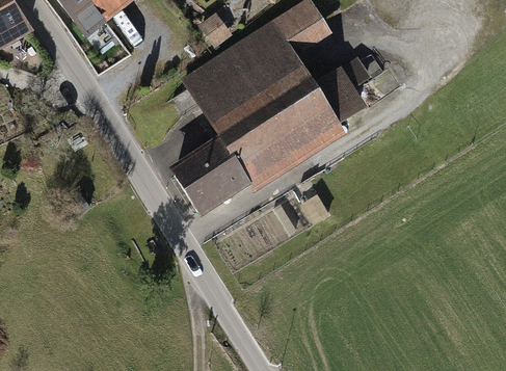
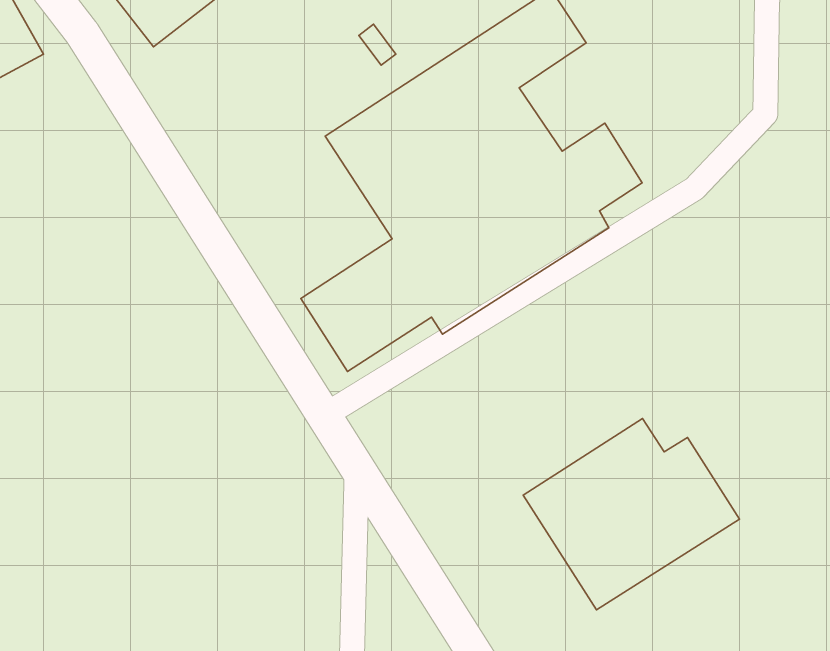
building: none -> [523,419,739,610]

